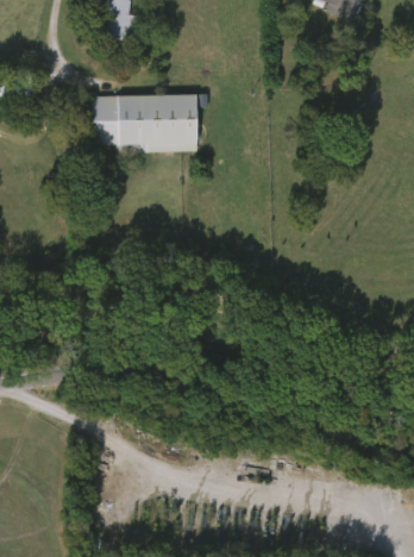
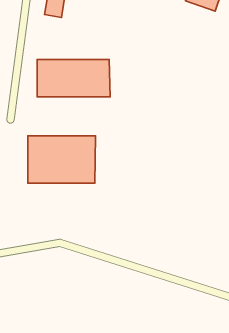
building: none -> [28,136,95,183]

